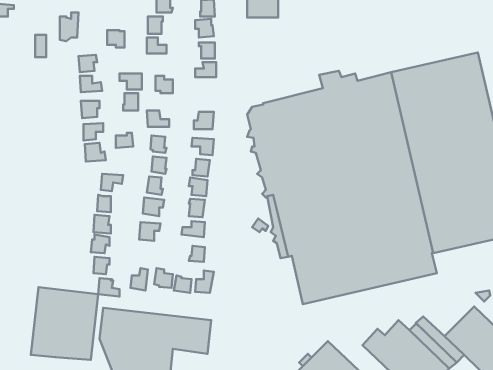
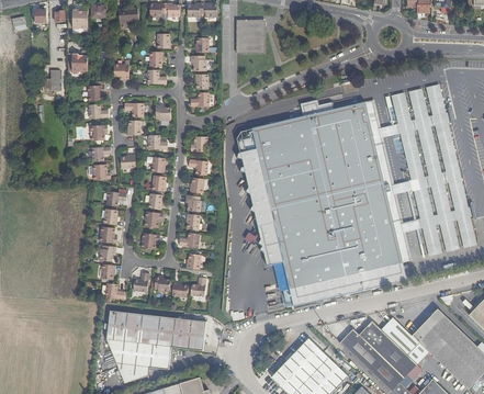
building: [31,287,98,360] -> none

